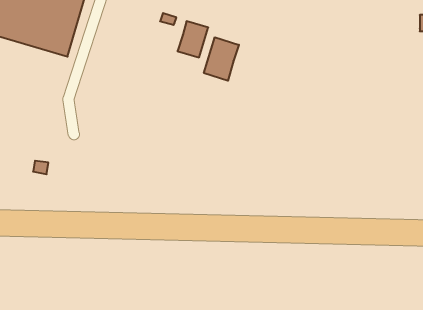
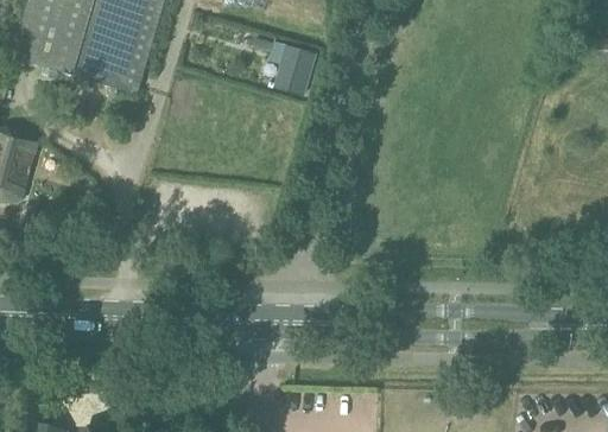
building: [204,37,239,81] -> none

